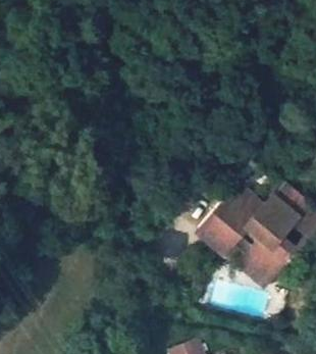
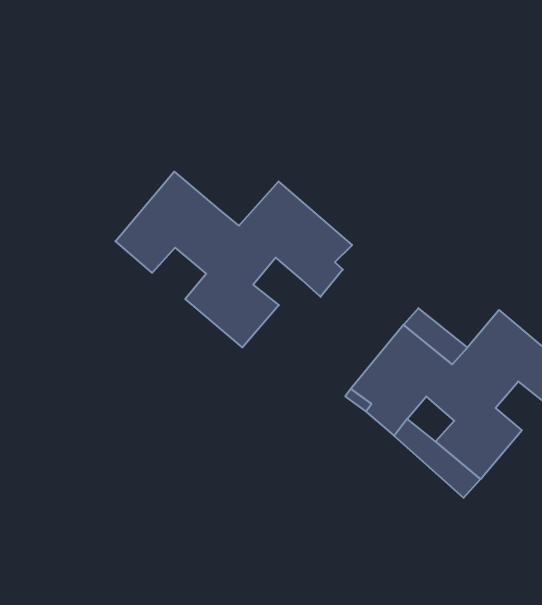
building: none -> [115,172,352,347]

